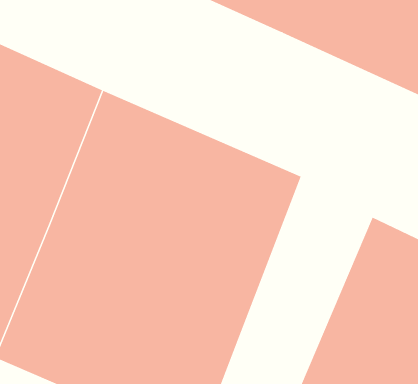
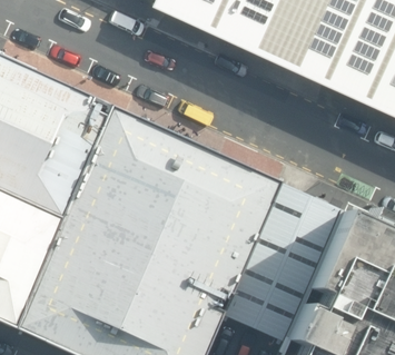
building: none -> [221,176,330,335]

